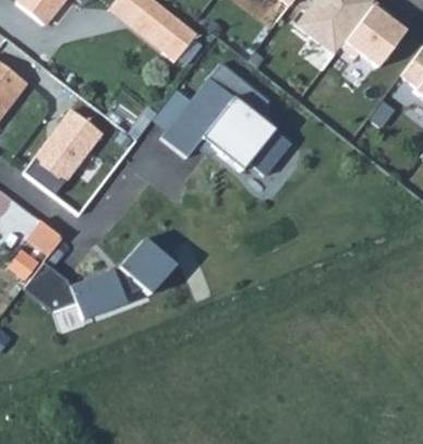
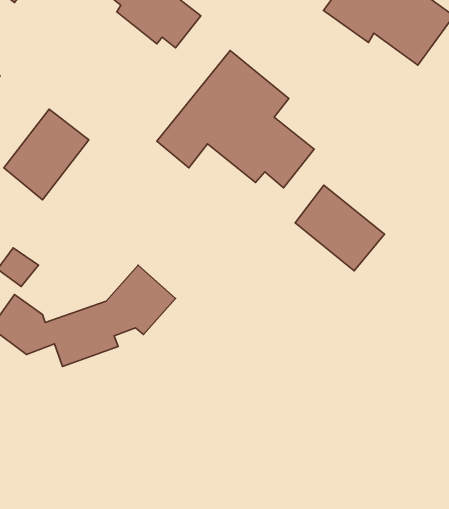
building: none -> [295,185,384,271]

